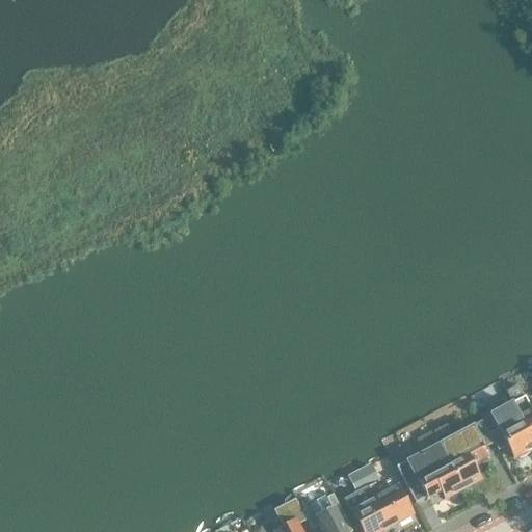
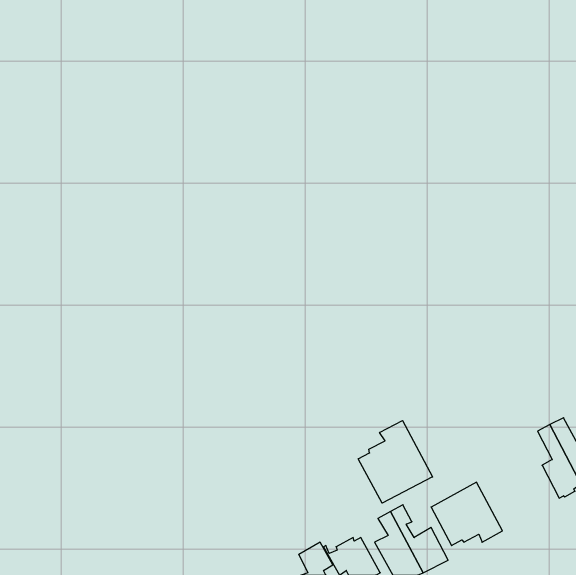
building: none -> [358,421,433,503]
building: [440,420,495,487] -> none

